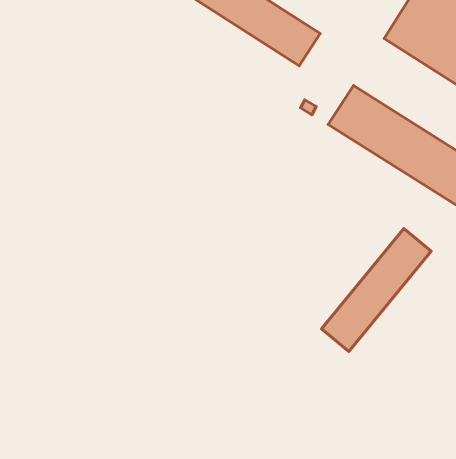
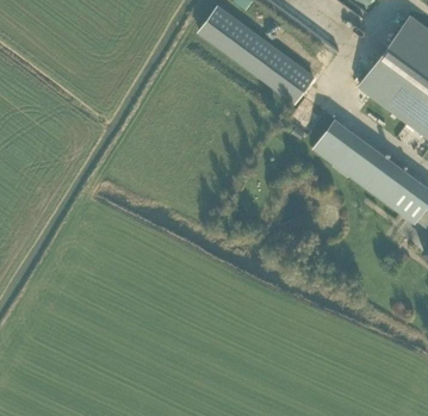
building: [321,229,431,351] -> none

